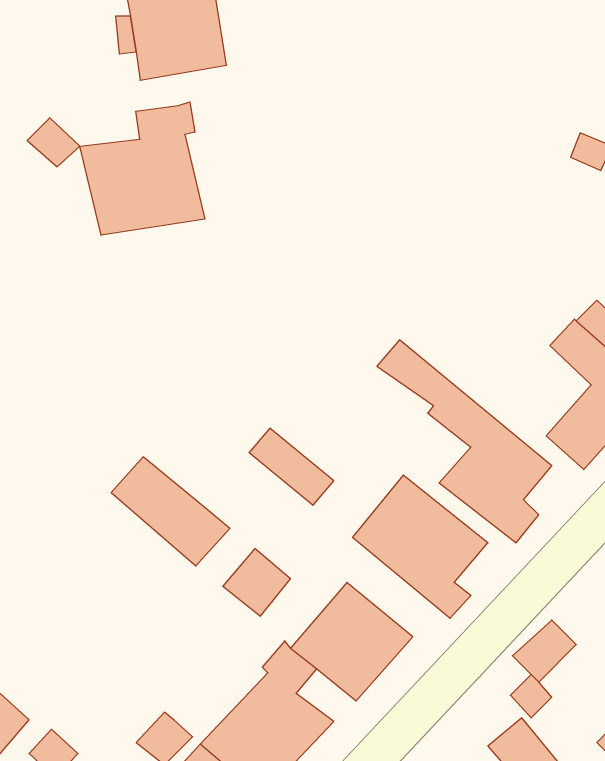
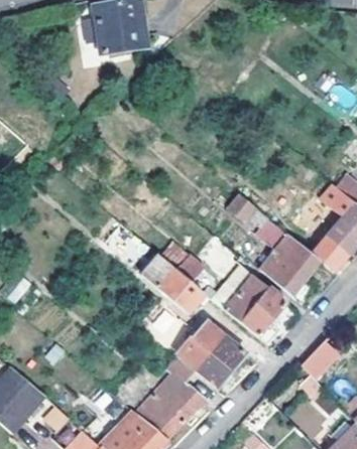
building: [80,102,205,235] -> none
building: [111,457,230,566] -> [143,255,207,313]

